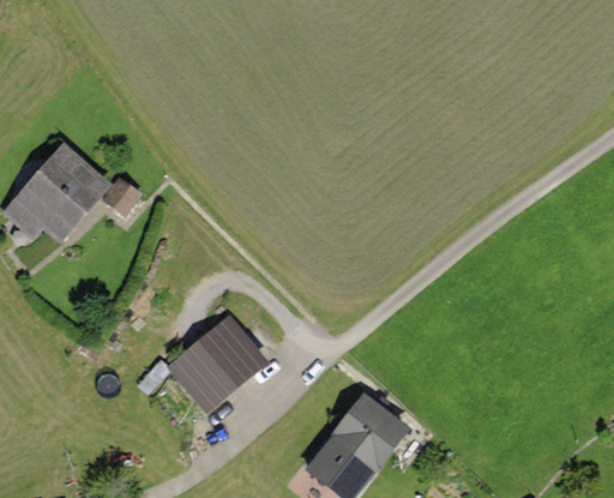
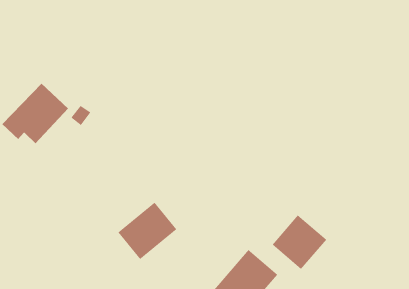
building: none -> [272,214,327,270]

